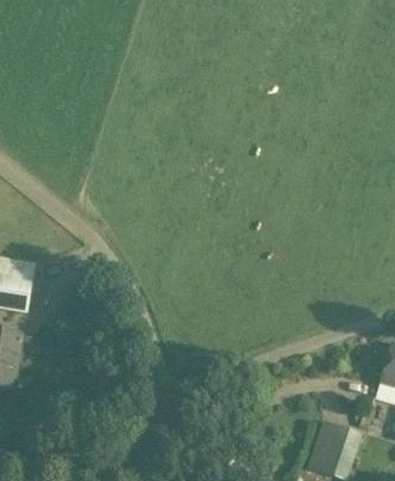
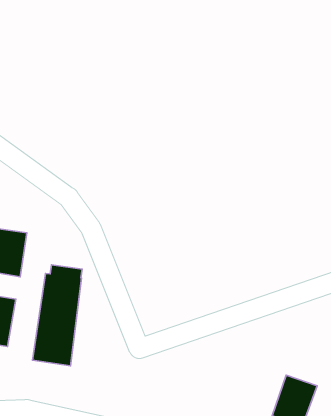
building: none -> [33,265,82,366]

